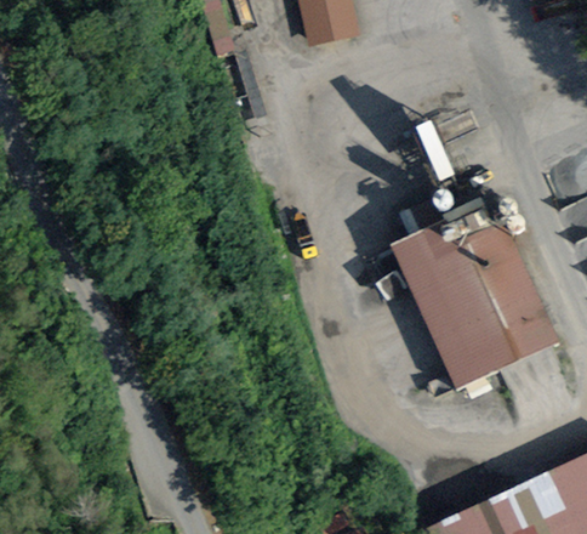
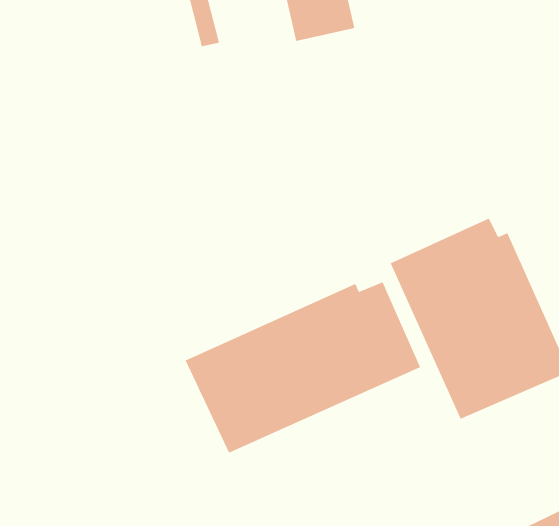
building: none -> [185,281,421,454]

